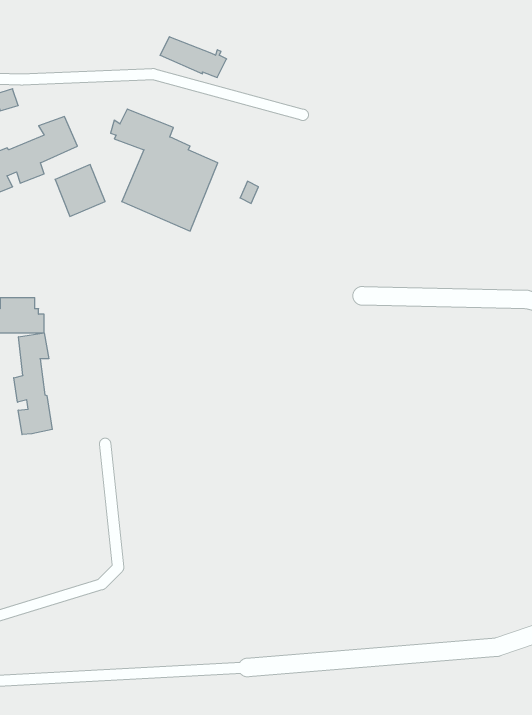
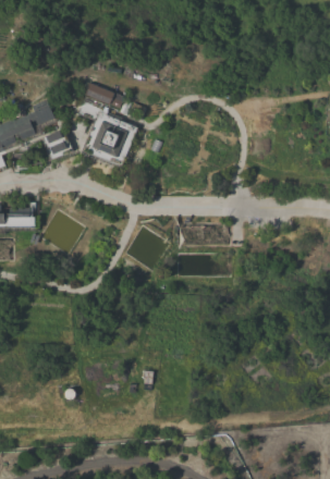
building: [160,37,227,77] -> [84,83,123,107]
building: [14,333,52,435] -> none

